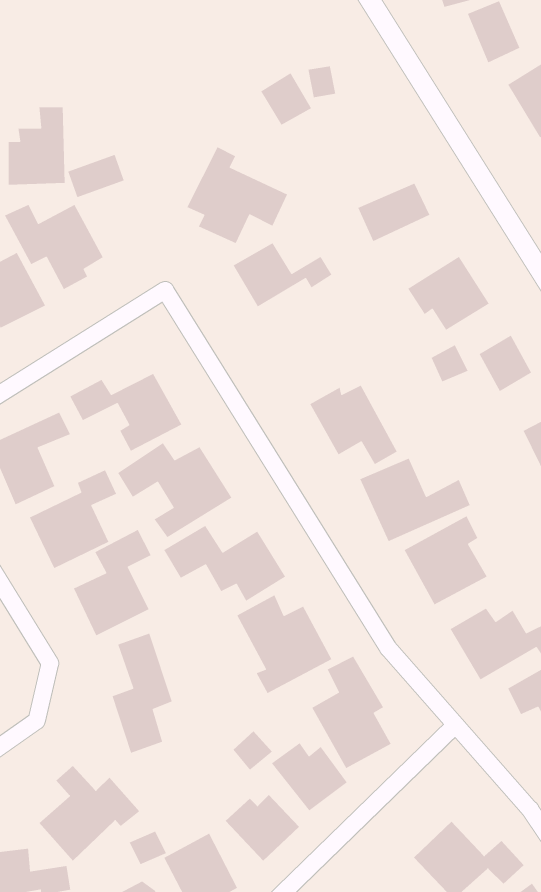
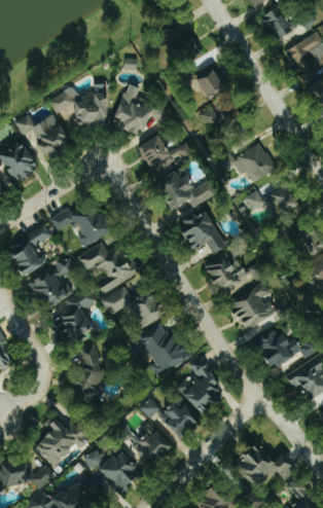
building: [260,72,312,126] -> [195,68,223,97]
building: [8,107,65,185] -> [75,83,106,125]
building: none -> [155,171,216,209]

